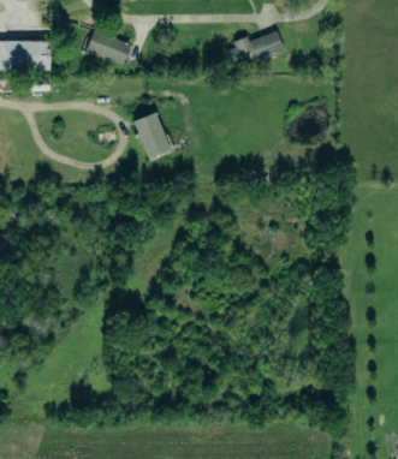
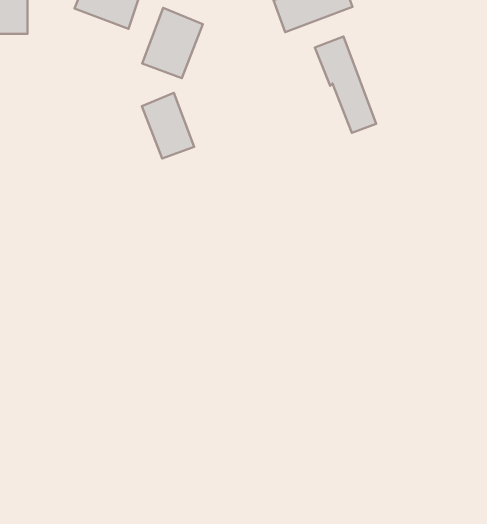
building: none -> [142,8,203,78]
building: none -> [315,36,376,133]

